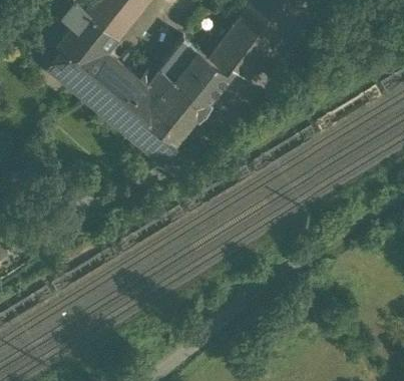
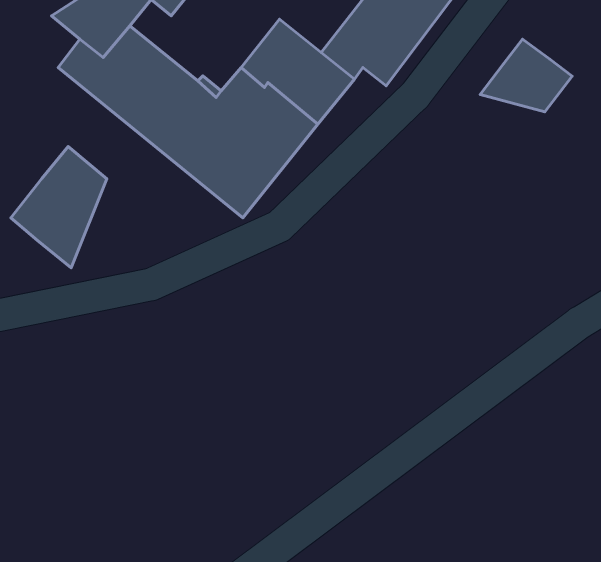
building: none -> [480,39,572,112]
building: none -> [11,146,107,268]

